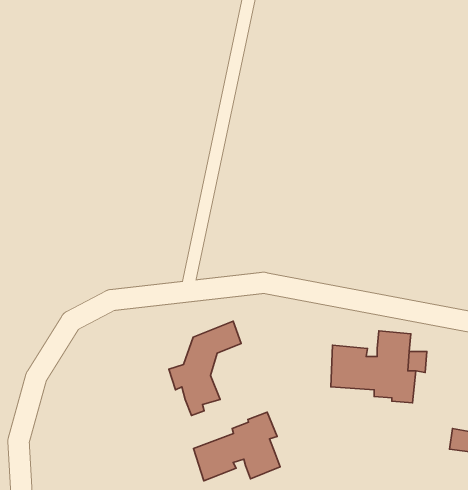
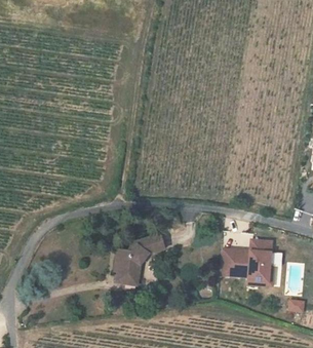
building: [193,412,280,481] -> none

